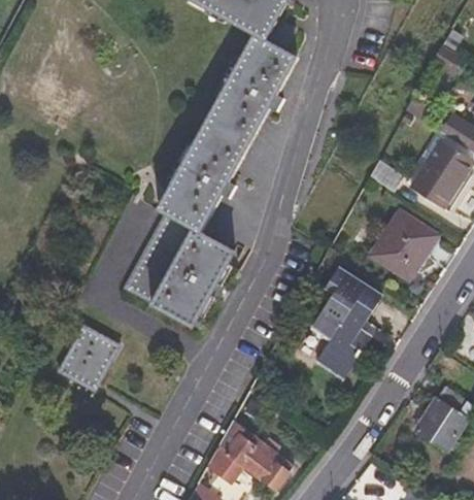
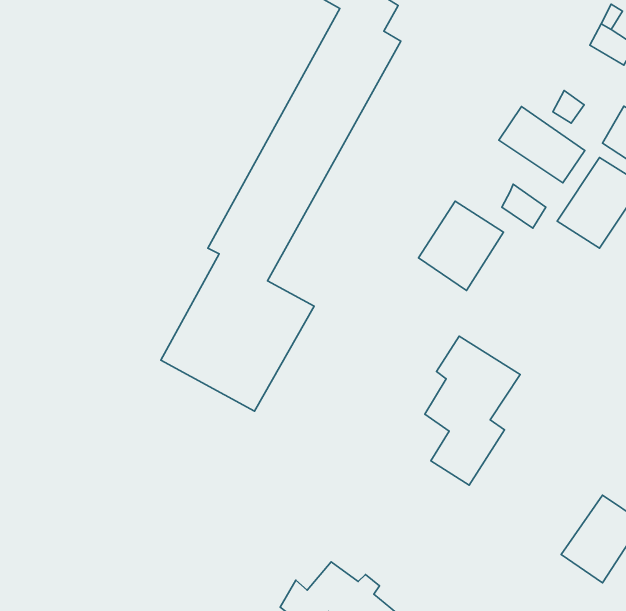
building: none -> [499,107,585,183]
building: [374,211,436,276] -> [418,201,504,290]
building: [60,325,120,390] -> none

